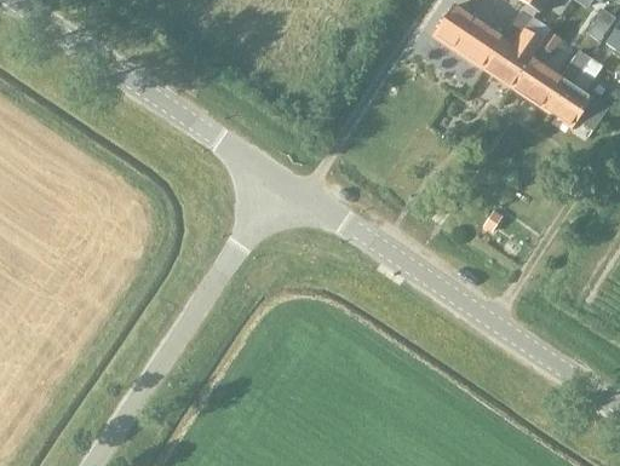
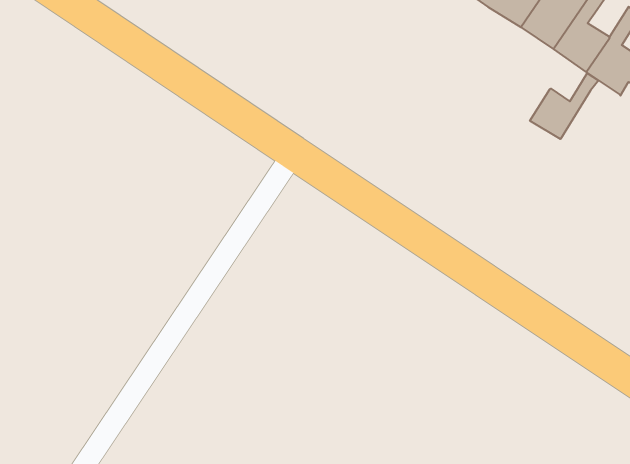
building: none -> [530,73,598,139]

